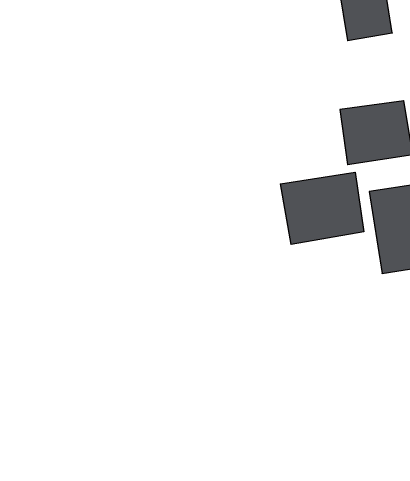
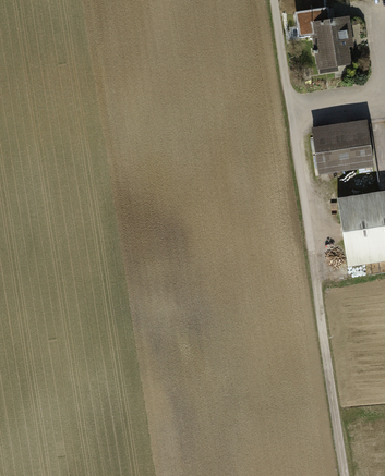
building: [280,172,364,244] -> none

